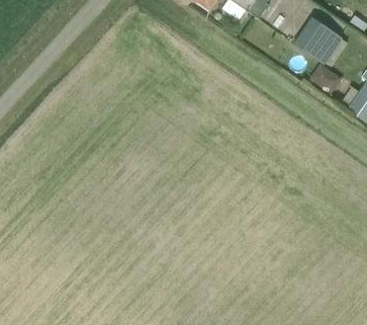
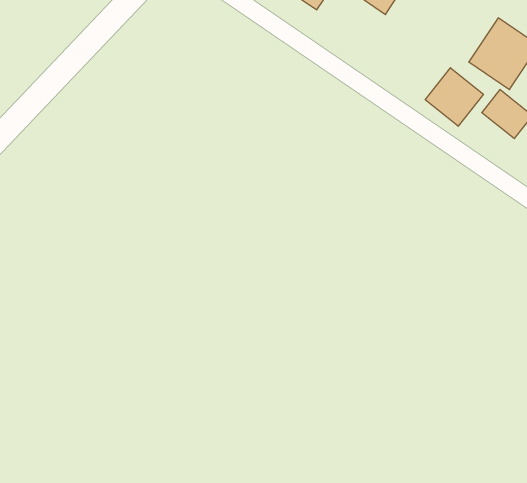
building: none -> [425,68,483,126]

